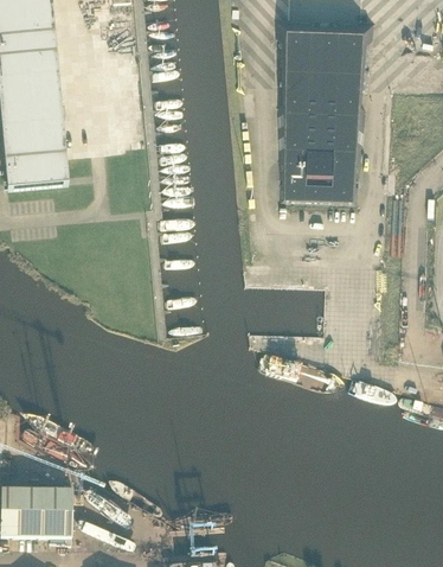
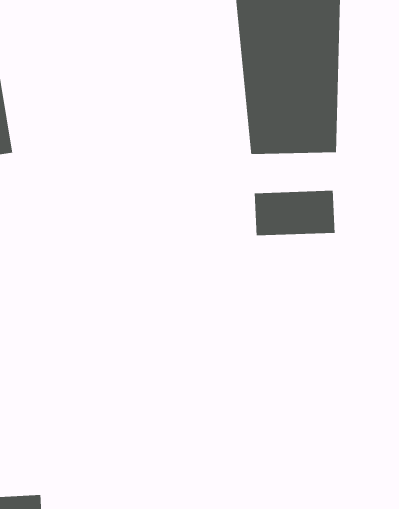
building: none -> [254,190,336,236]

